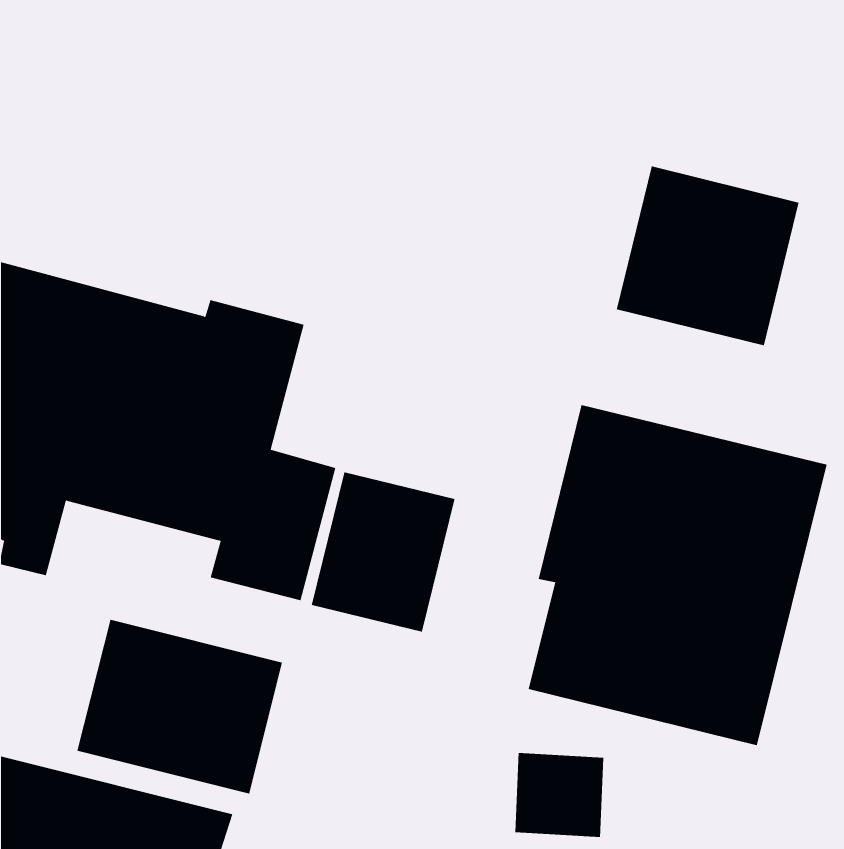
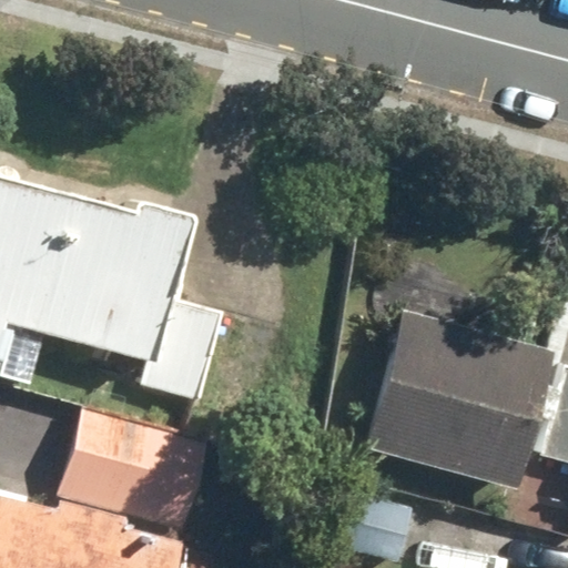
building: [616,166,799,346] -> none
building: [311,471,455,633] -> none

